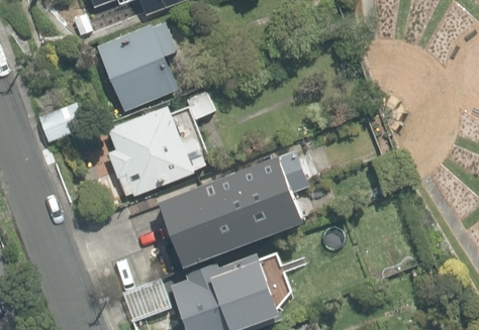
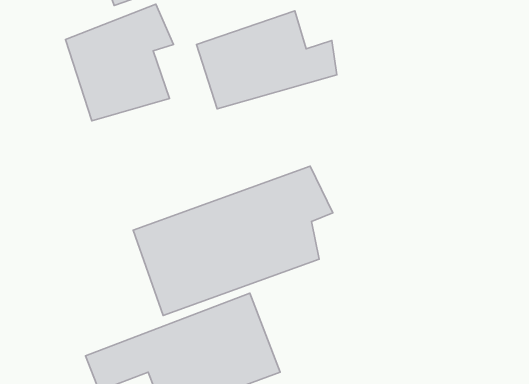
building: none -> [197,11,337,109]
building: [101,109,209,200] -> none

